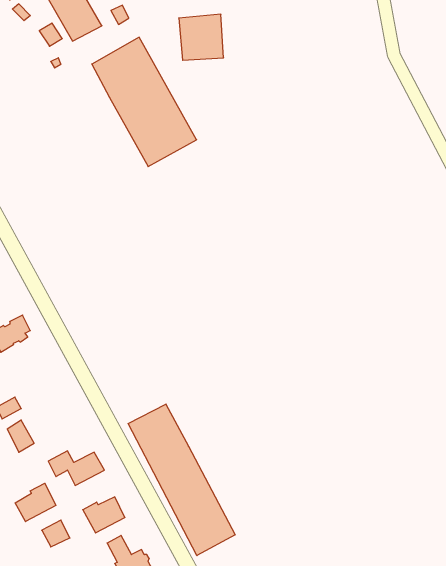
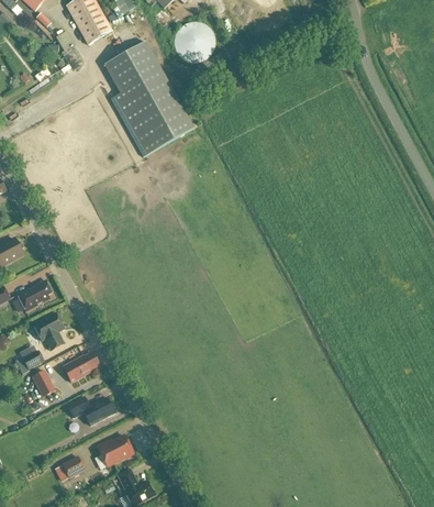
building: none -> [33,312,65,350]
building: none -> [64,353,98,382]
building: [128,404,235,556] -> none
building: [15,483,56,522] -> none

